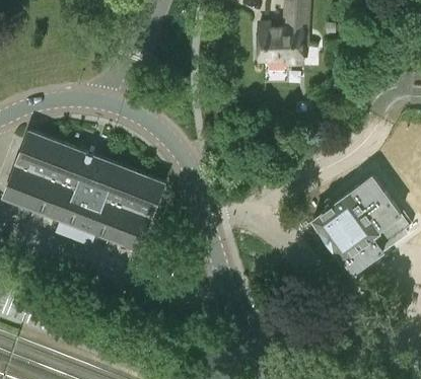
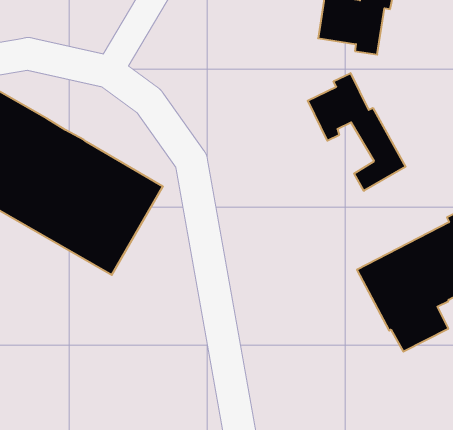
building: none -> [308,73,406,191]

